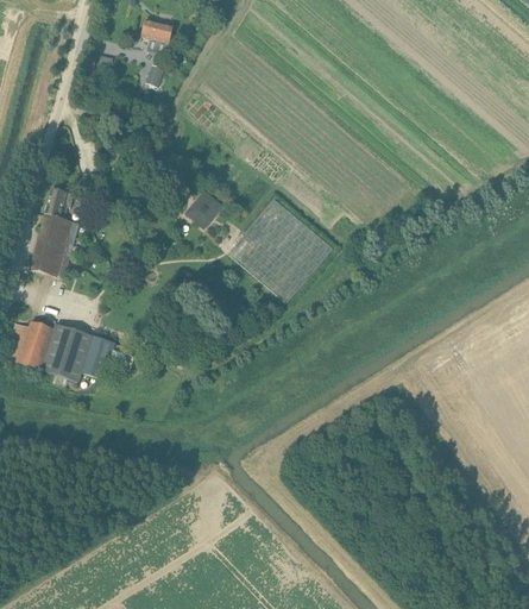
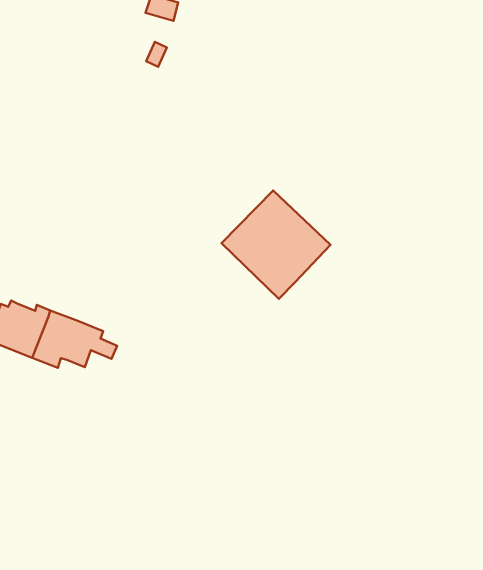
building: [30,188,87,278] -> none
building: [184,188,223,228] -> none

